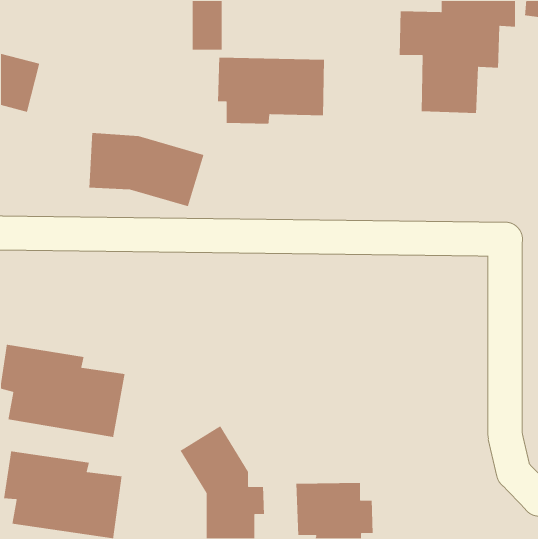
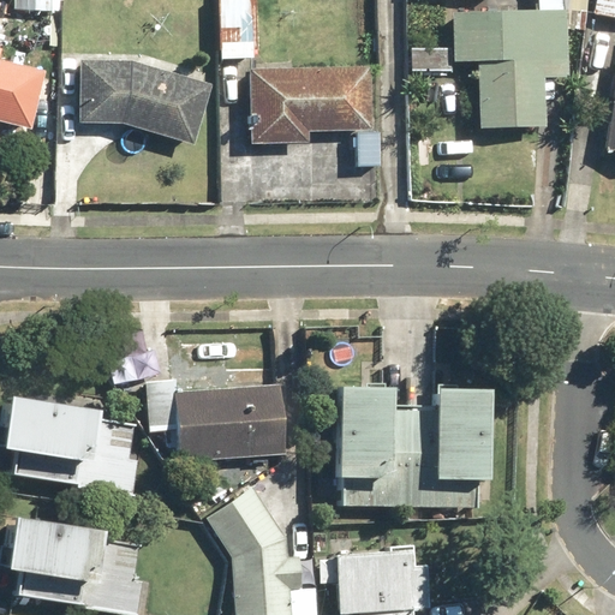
building: [88,132,204,207] -> [79,59,211,144]
building: none -> [147,380,281,455]
building: none -> [335,382,492,512]

